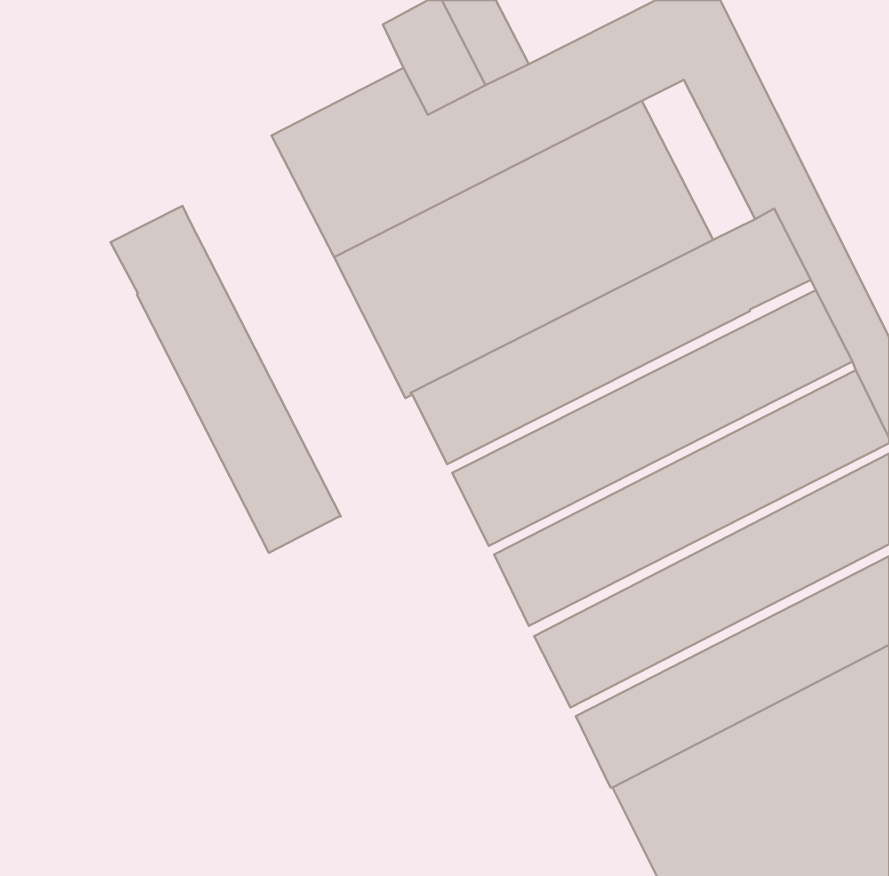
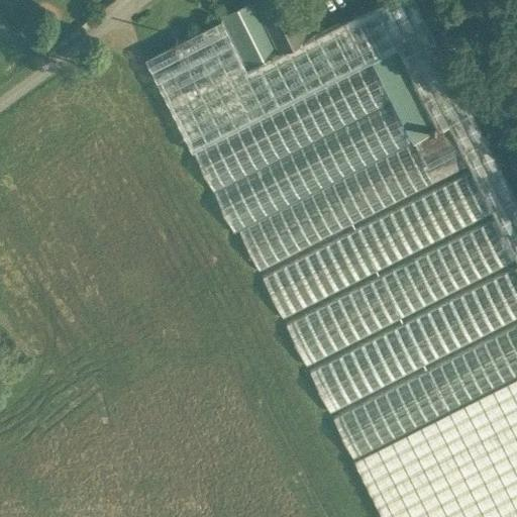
building: none -> [145,23,234,86]
building: none -> [373,54,438,146]
building: [110,206,341,553] -> none

